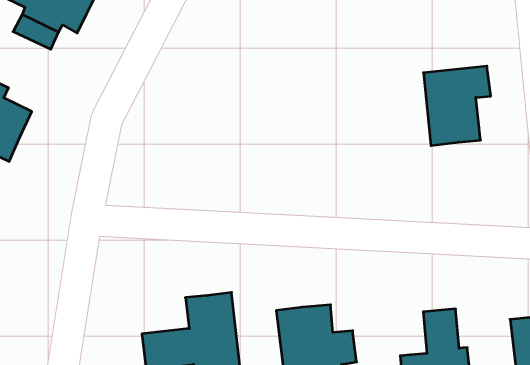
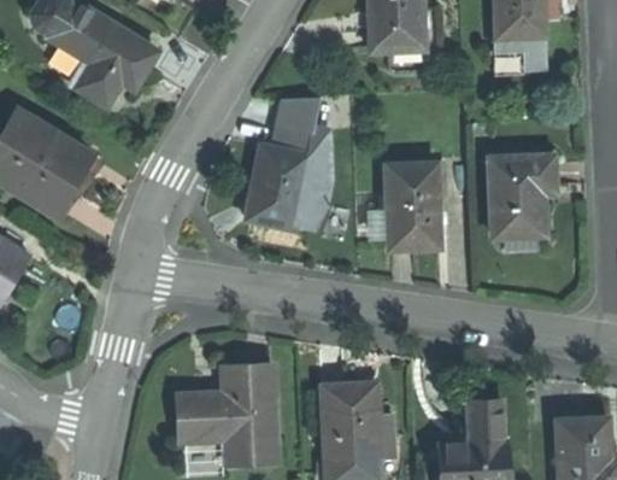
building: none -> [243,98,333,230]
building: none -> [370,163,443,252]

